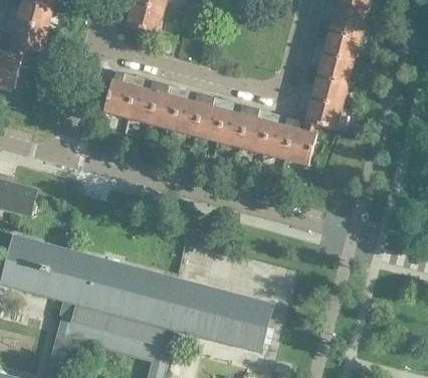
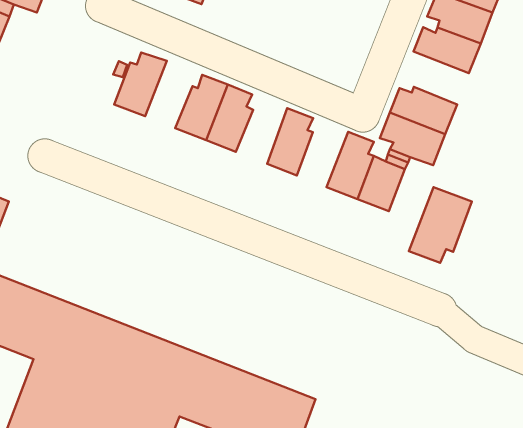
building: [307,49,354,83] -> none
building: [127,75,158,123] -> none
building: [194,94,227,141] -> none
building: [239,107,272,153] -> none
building: none -> [409,187,472,263]

